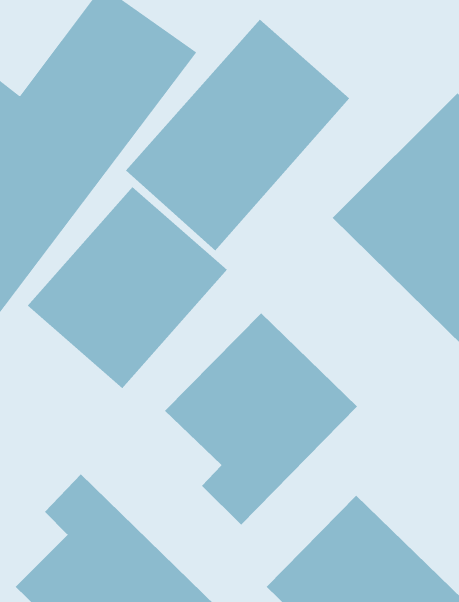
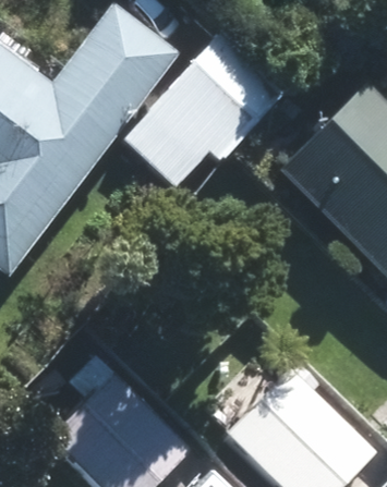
building: [27,186,228,389] -> none
building: [164,312,358,525] -> none

